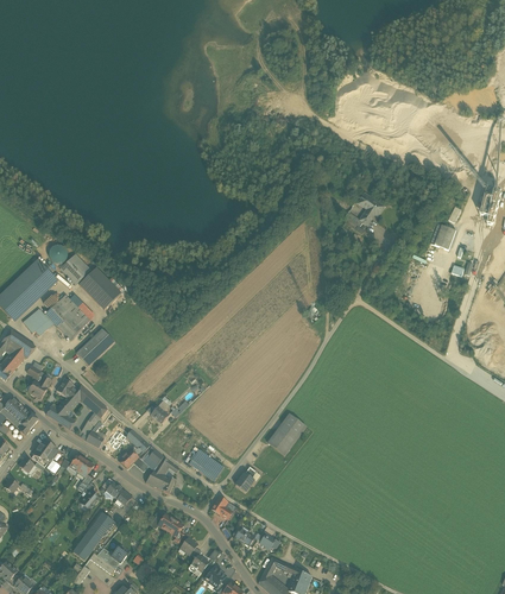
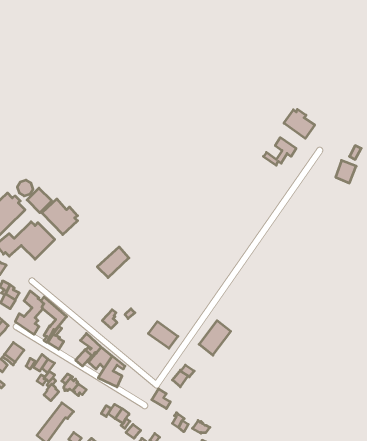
building: none -> [284,109,315,138]
building: [76,329,114,366] -> [97,247,129,278]
building: [188,449,223,481] -> [148,322,178,348]

